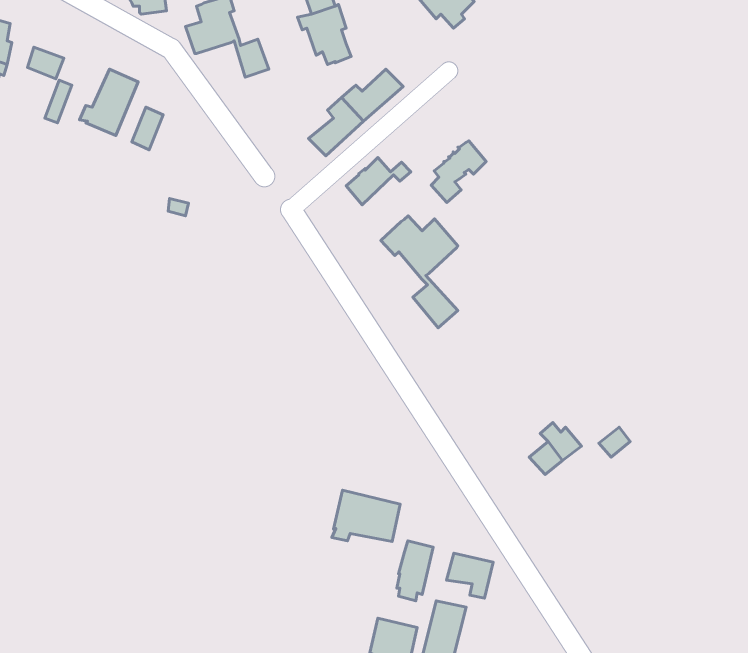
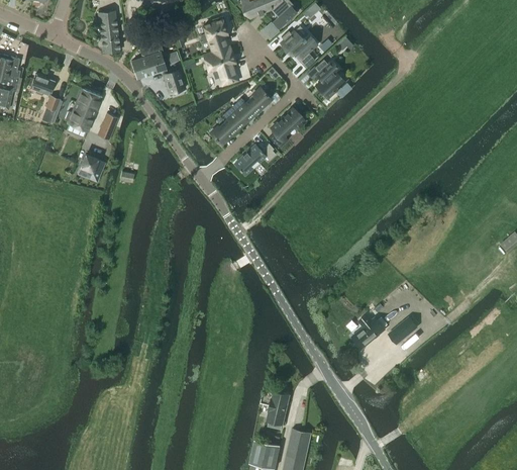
building: none -> [314,59,344,97]
building: [431,141,486,202] -> [270,108,305,148]
building: none -> [78,154,105,178]
building: [381,216,458,328] -> none
building: [332,490,400,541] -> none
building: [447,553,493,598] -> none

